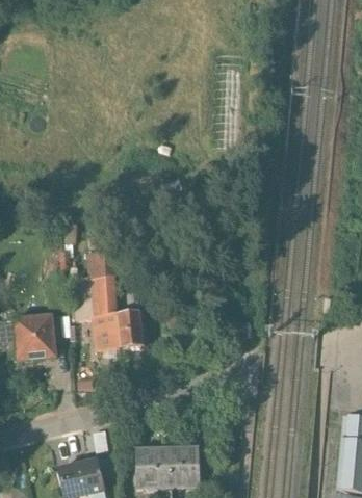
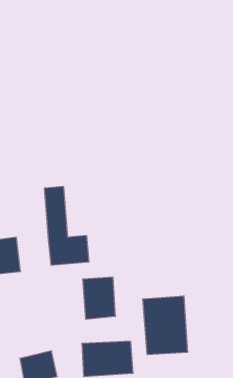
building: none -> [83,277,115,319]
building: none -> [143,296,187,355]

